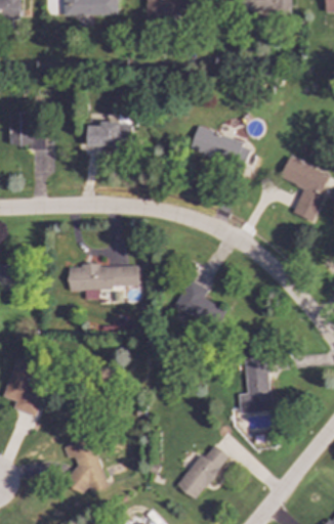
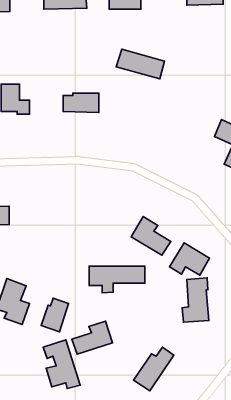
building: [190,128,251,166] -> [116,49,165,79]
building: [69,265,139,299] -> [89,266,145,293]
building: none -> [169,243,209,275]
building: none -> [41,298,69,332]
building: none -> [72,321,113,354]

